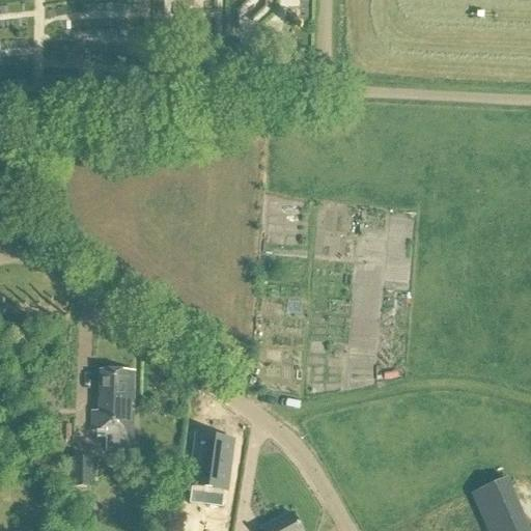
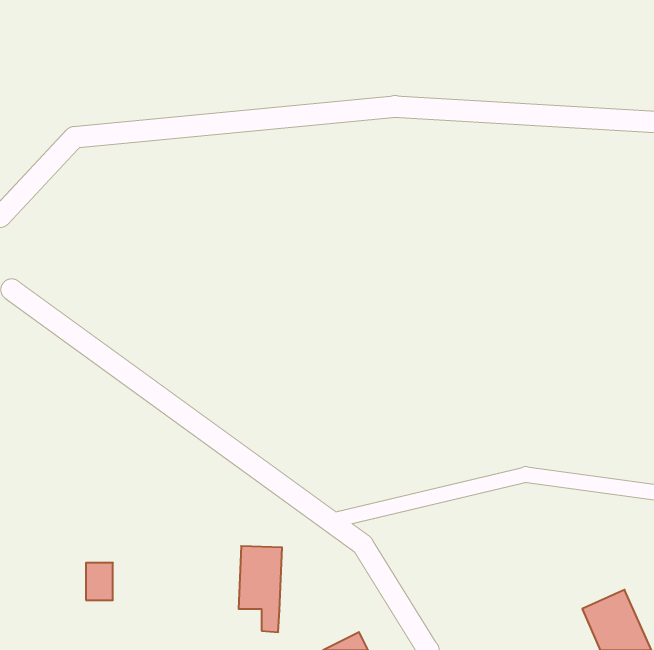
building: [92,369,135,449] -> none

